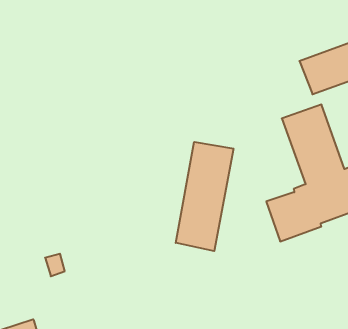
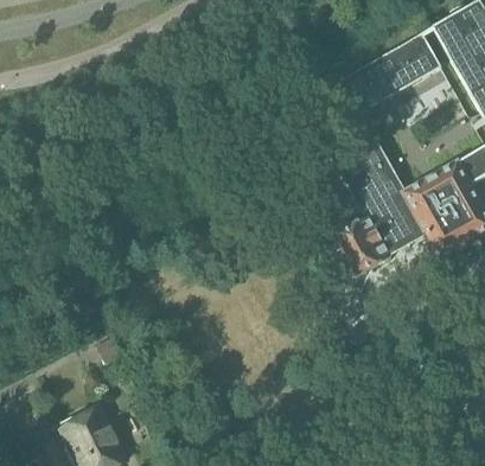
building: [176,142,233,251] -> none

